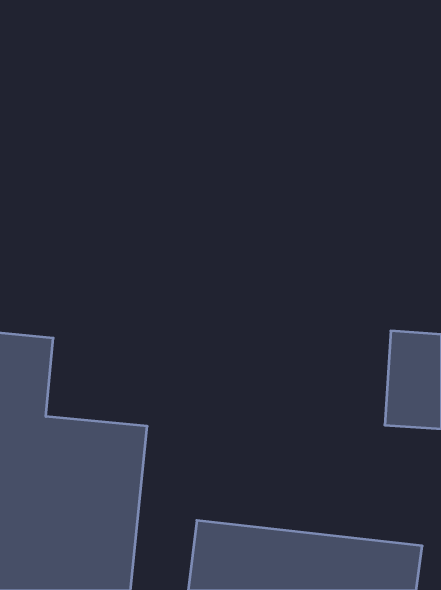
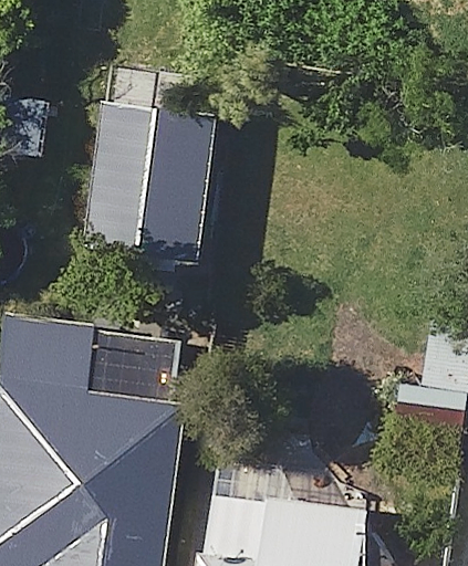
building: none -> [89,112,223,268]

